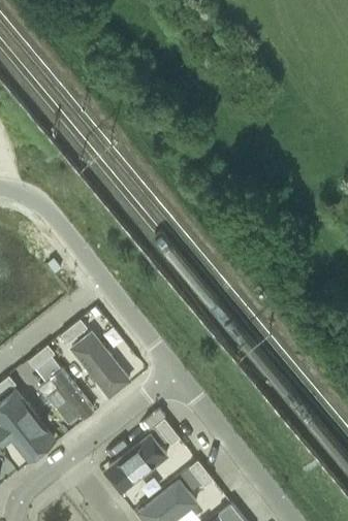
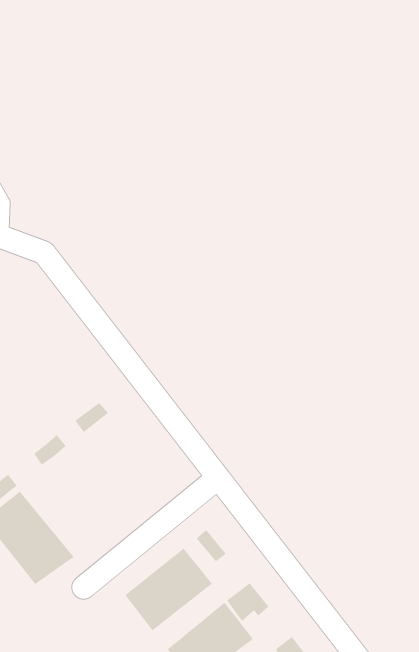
building: [68,332,131,400] -> none
building: [36,363,95,419] -> none

